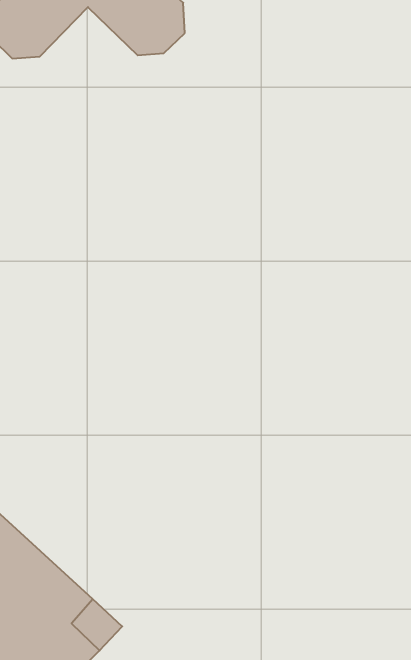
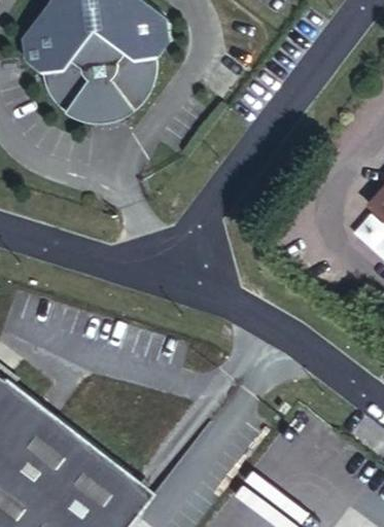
building: none -> [41,31,155,125]

